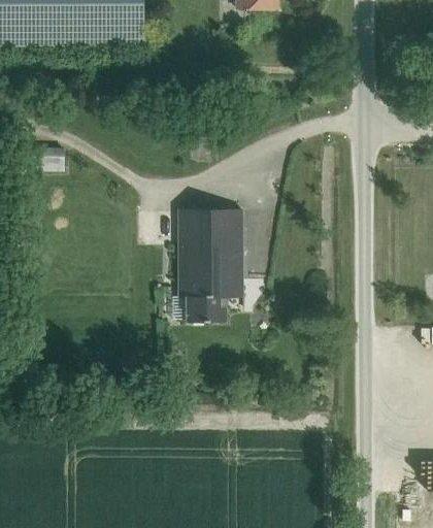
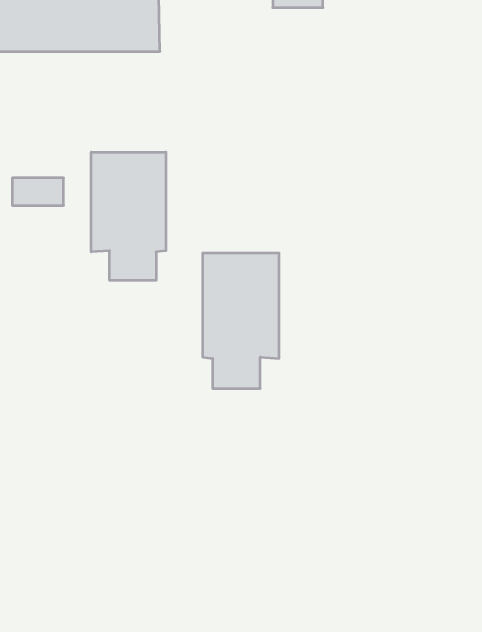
building: none -> [91,152,166,280]

